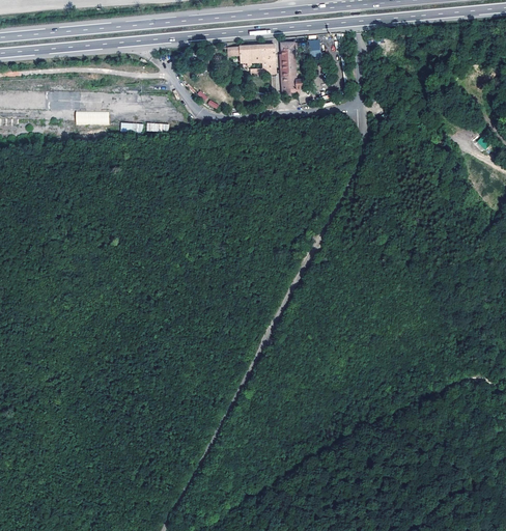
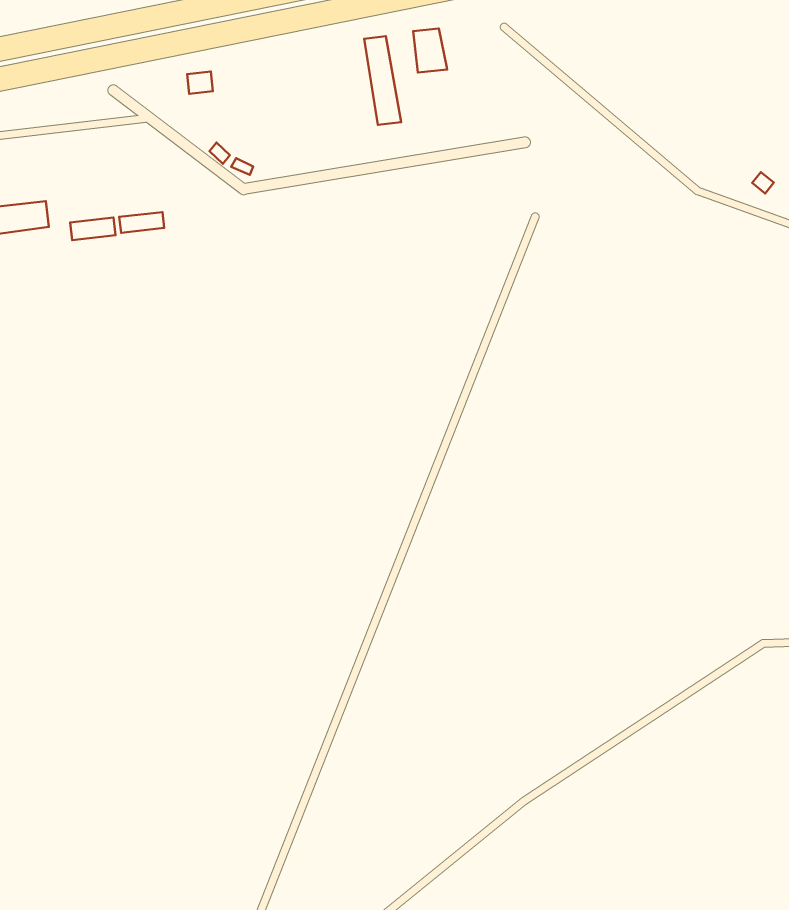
building: [226,46,274,67] -> none

